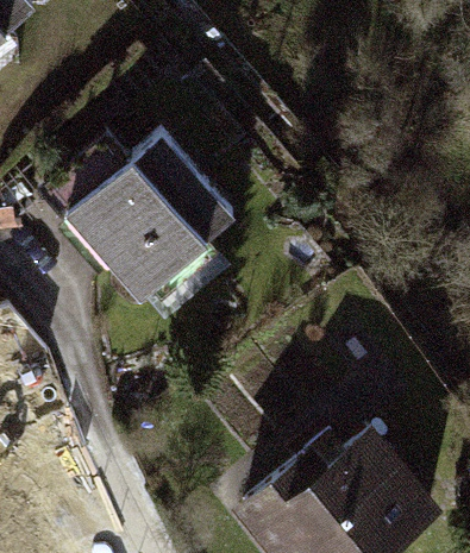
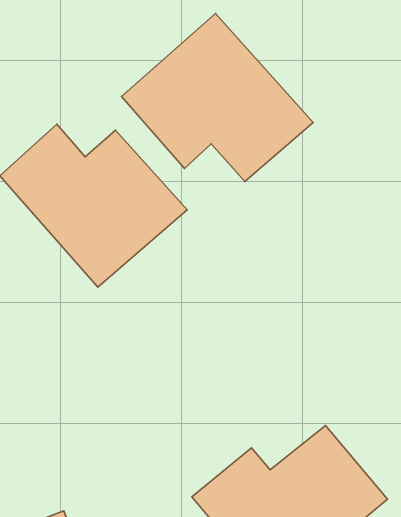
building: none -> [121,13,313,182]

